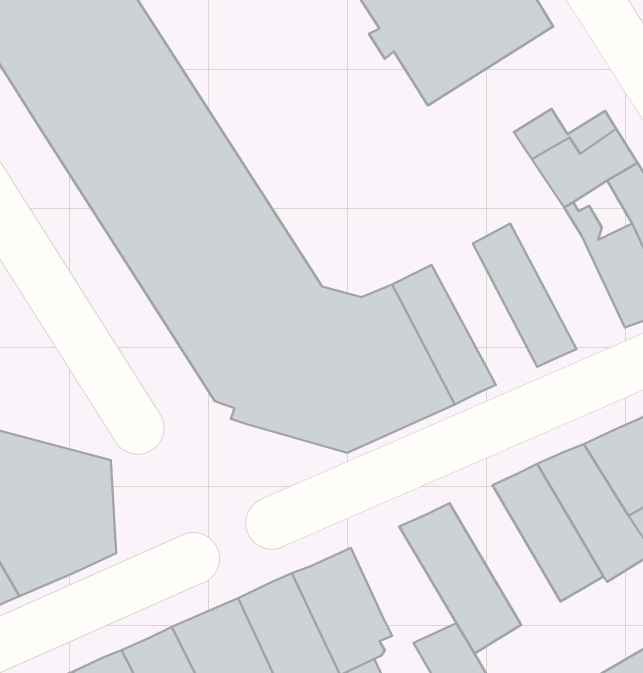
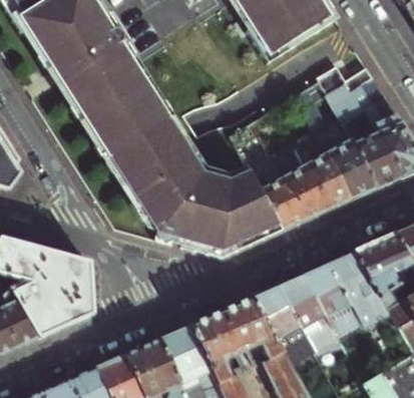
building: none -> [302,99,379,197]
building: none -> [271,138,330,218]
building: none -> [281,274,345,355]
building: none -> [226,297,285,366]

